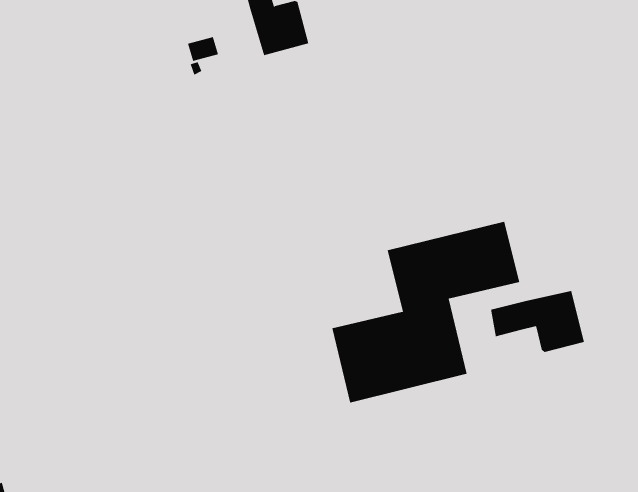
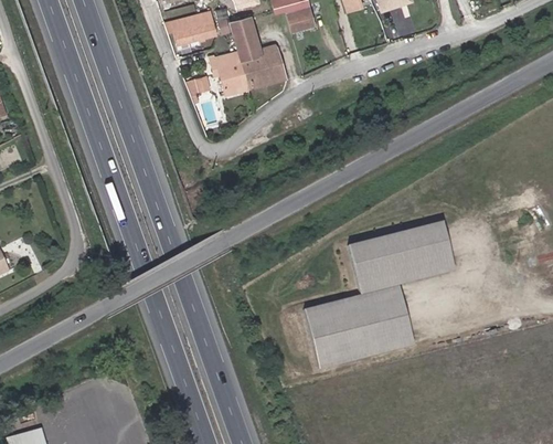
building: none -> [211,52,249,95]
building: [490,290,584,353] -> none

